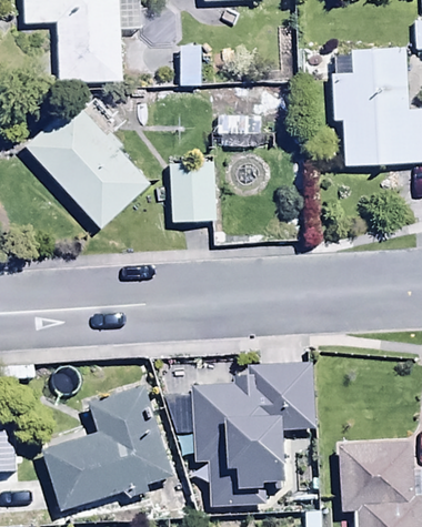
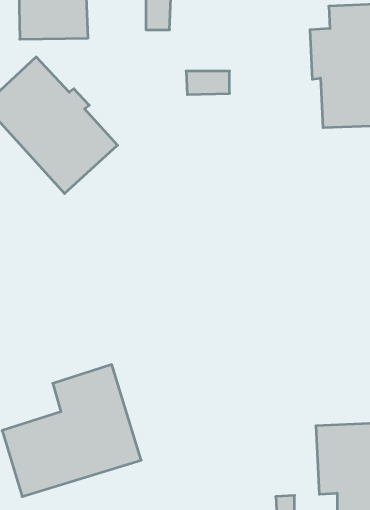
building: [170,161,214,220] -> none
building: [191,363,312,505] -> none

